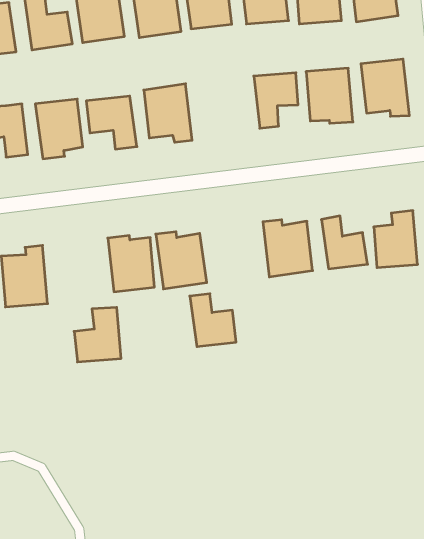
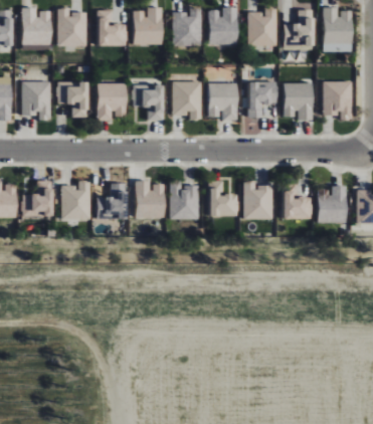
building: none -> [208,83,237,121]
building: [190,294,236,347] -> [209,181,237,216]
building: [74,307,121,362] -> [97,183,128,219]

